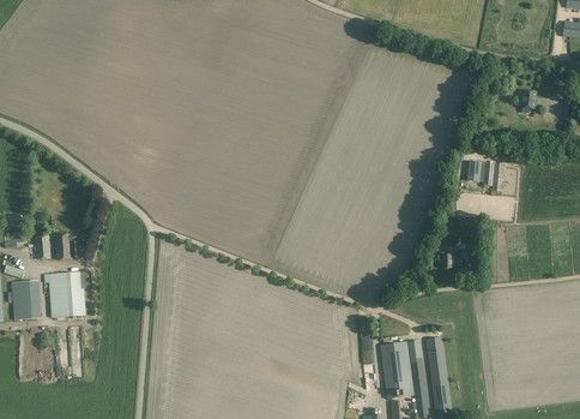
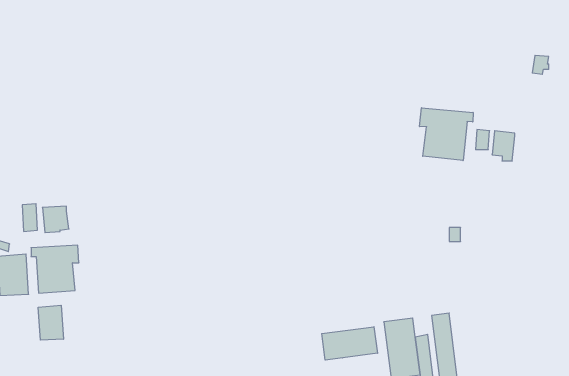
building: none -> [420,108,473,161]
building: none -> [38,305,63,340]
building: none -> [322,327,378,360]

